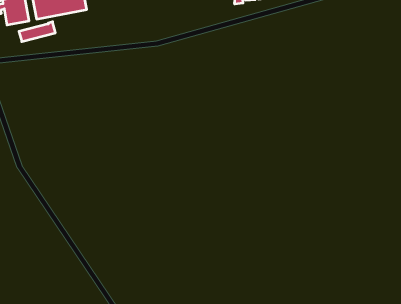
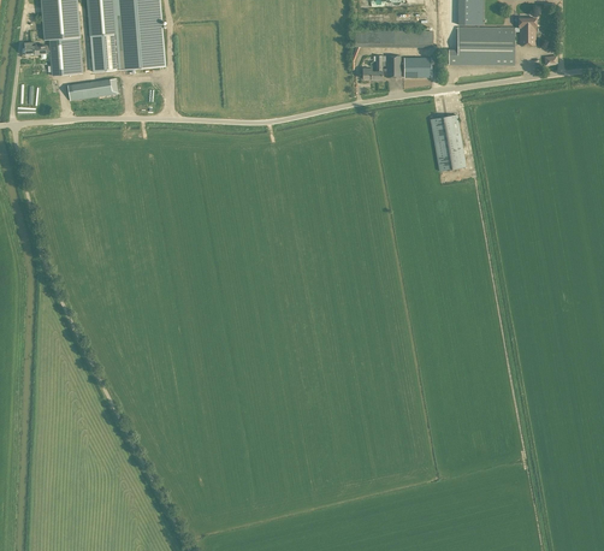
building: none -> [430,113,464,170]

